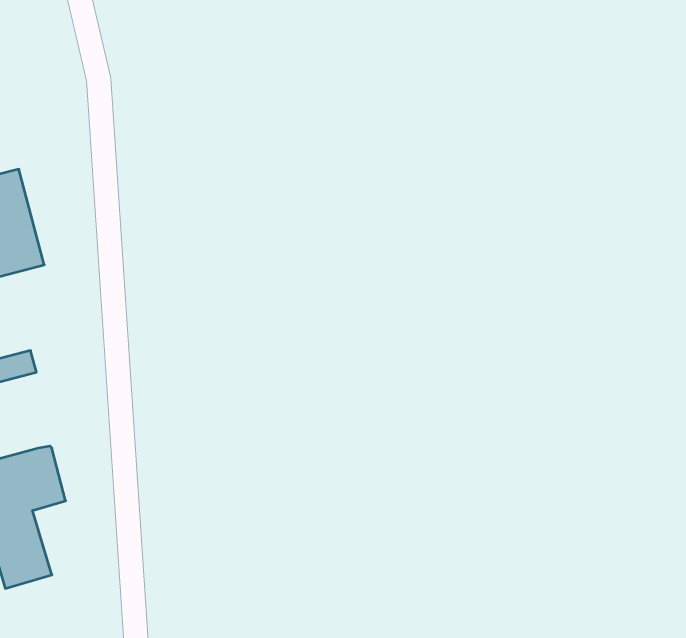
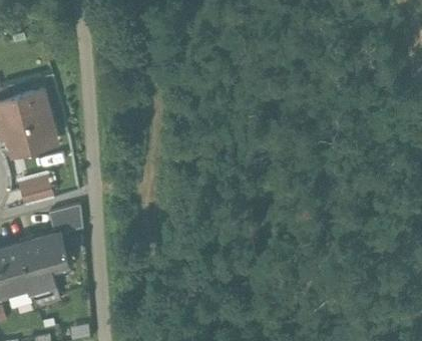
building: none -> [47,207,81,236]

